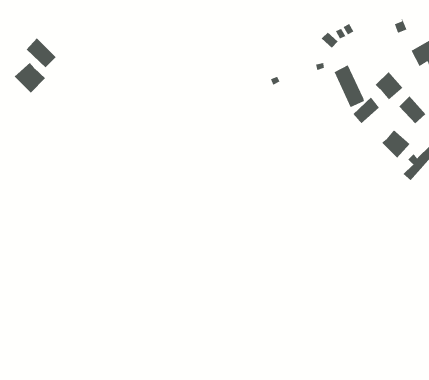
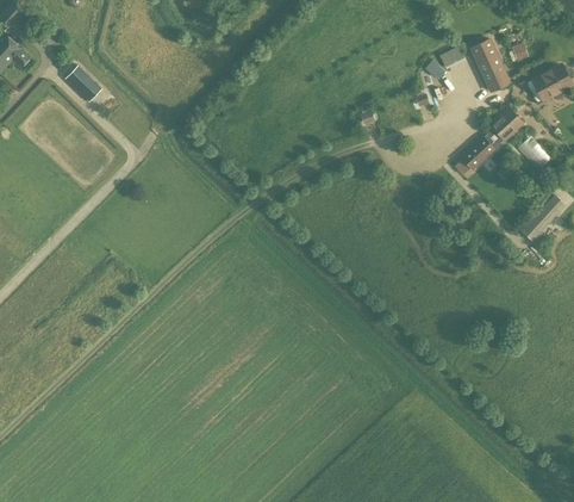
building: [14,62,46,93] -> none
building: [333,64,365,108] -> [470,39,509,93]
building: [381,129,410,159] -> none

